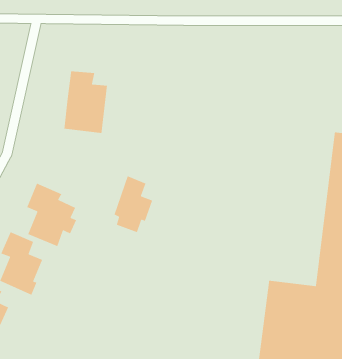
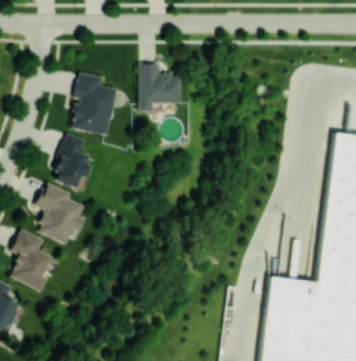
building: none -> [138,64,180,112]
building: [114,175,153,233] -> [53,133,91,189]

